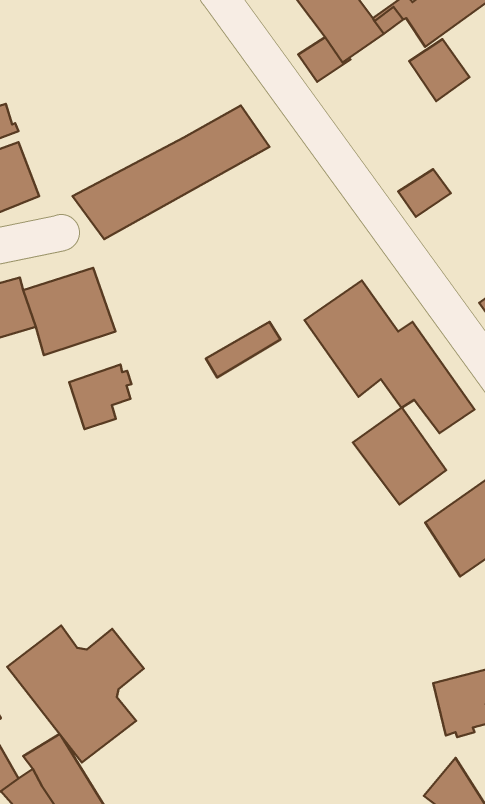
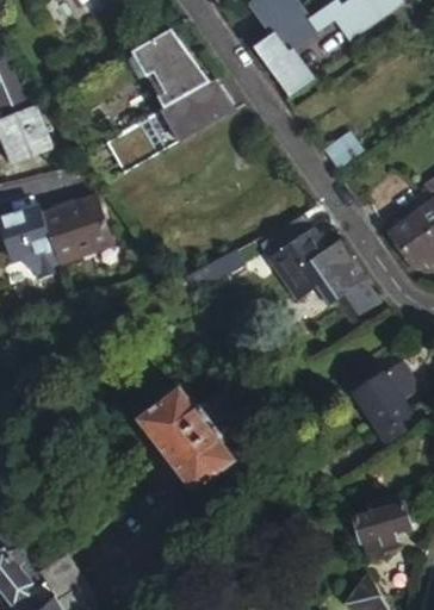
building: none -> [125,30,207,106]
building: [409,39,470,101] -> [265,48,310,94]
building: [69,365,131,429] -> none
building: [353,407,446,505] -> none
building: [7,626,144,762] -> [141,386,243,488]

